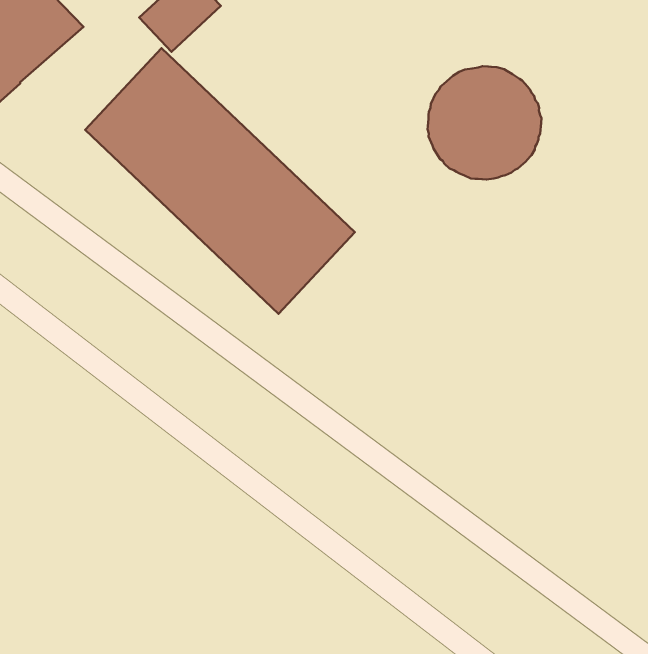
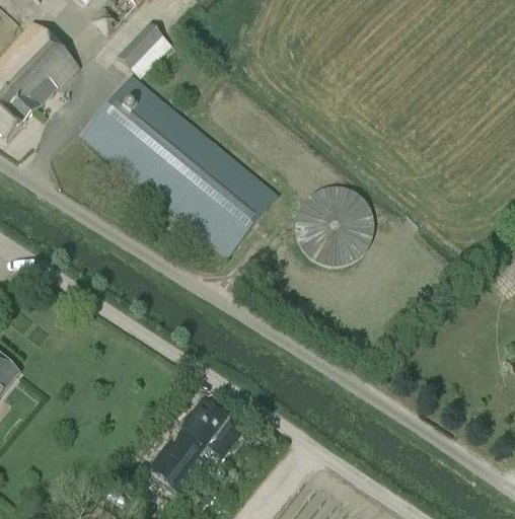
building: [428,66,541,180] -> [294,187,373,266]
building: none -> [147,397,244,494]

